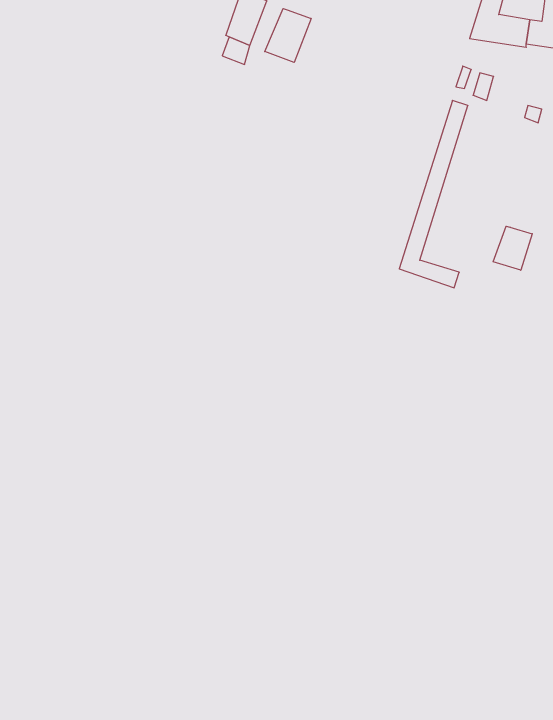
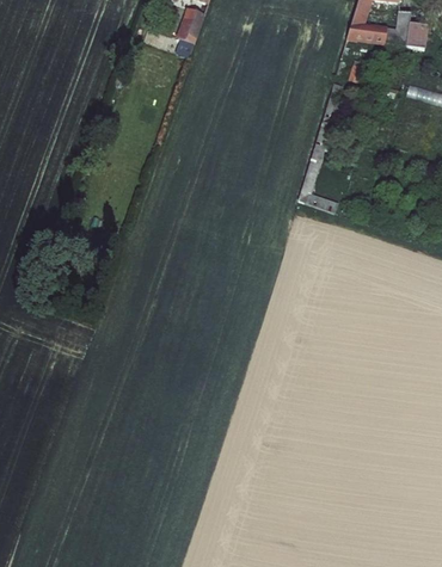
building: [265,9,311,62] -> none
building: [493,226,532,270] -> none

